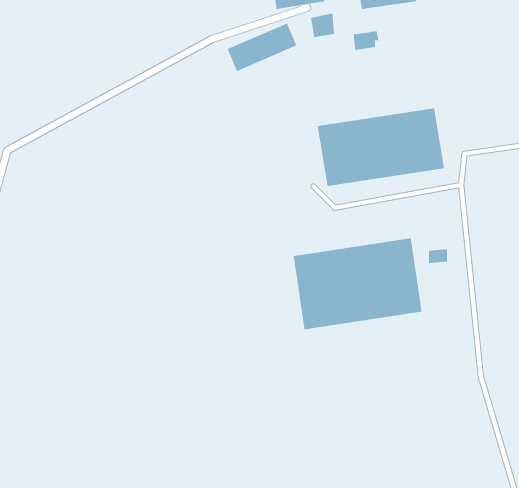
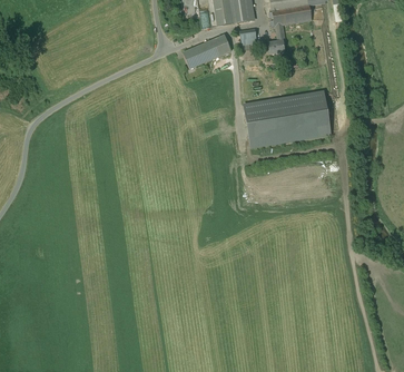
building: [293,238,422,330] -> none

